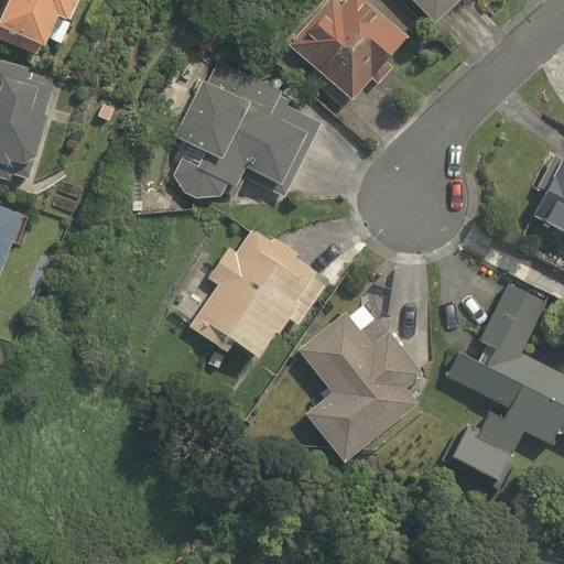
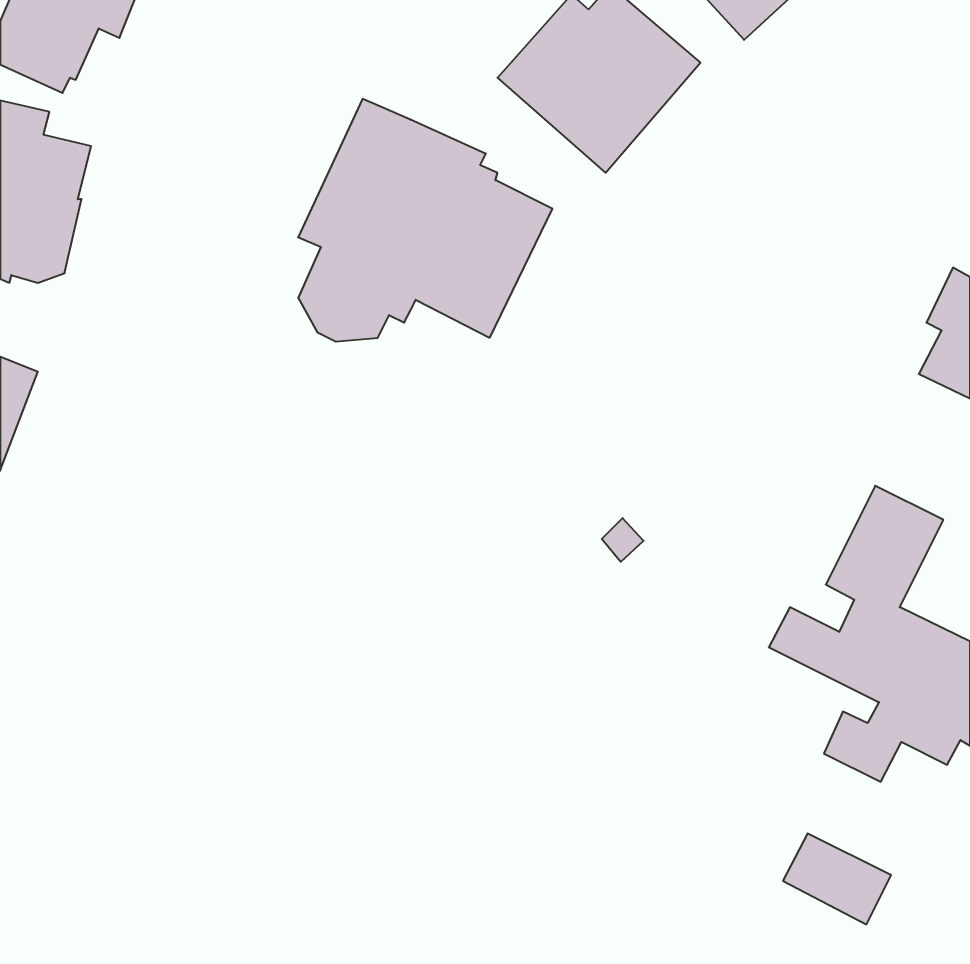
building: [189,228,315,358] -> none
building: [297,311,422,462] -> none
building: [448,431,511,484] -> [783,833,891,924]

